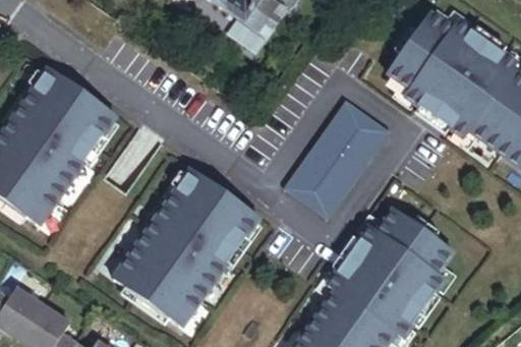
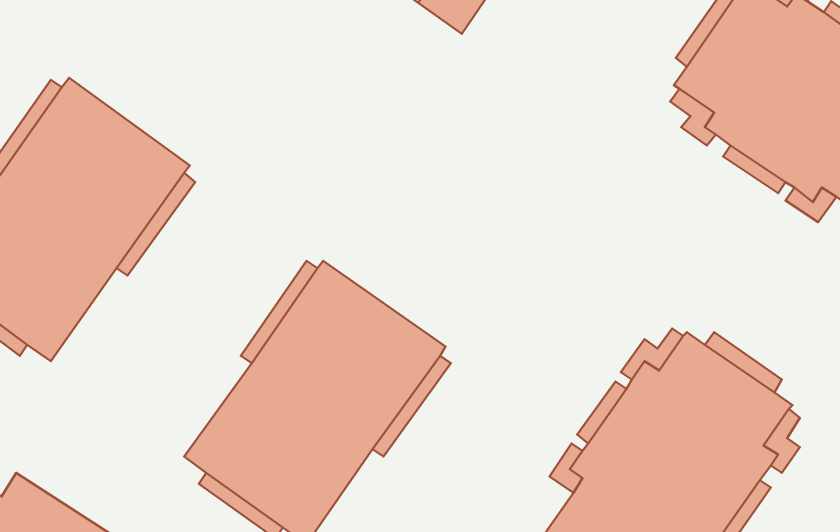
building: [284,101,389,219] -> none

